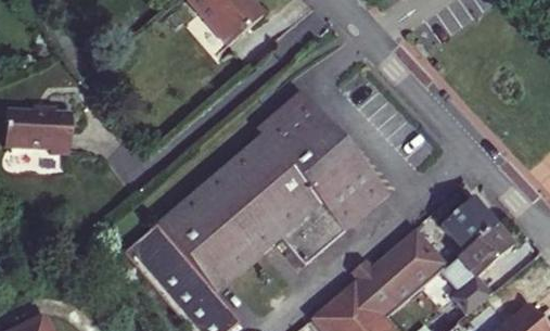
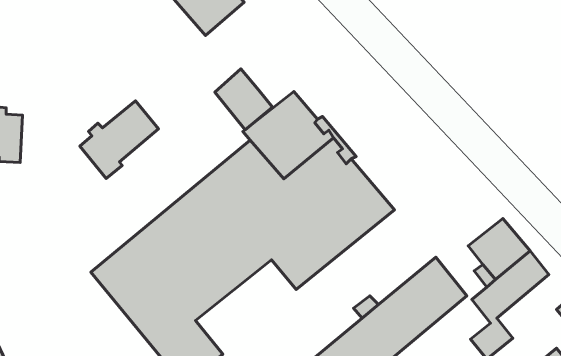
building: none -> [215,69,272,130]
building: none -> [80,101,159,179]

